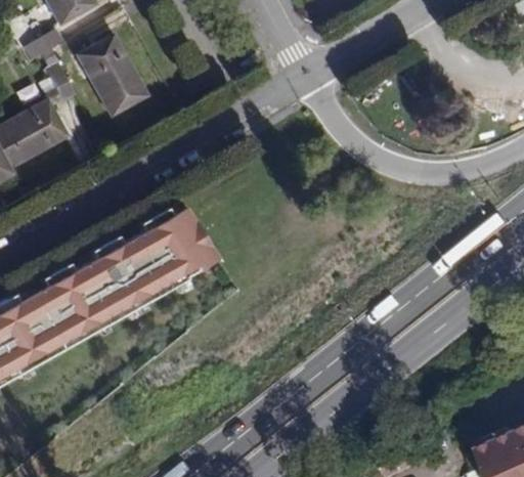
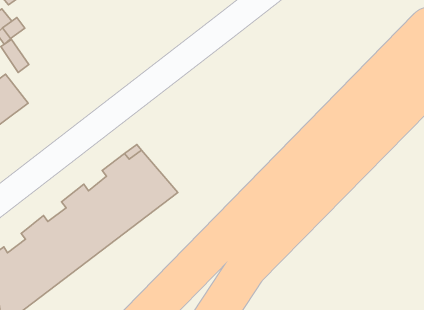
building: [77,36,145,115] -> none

